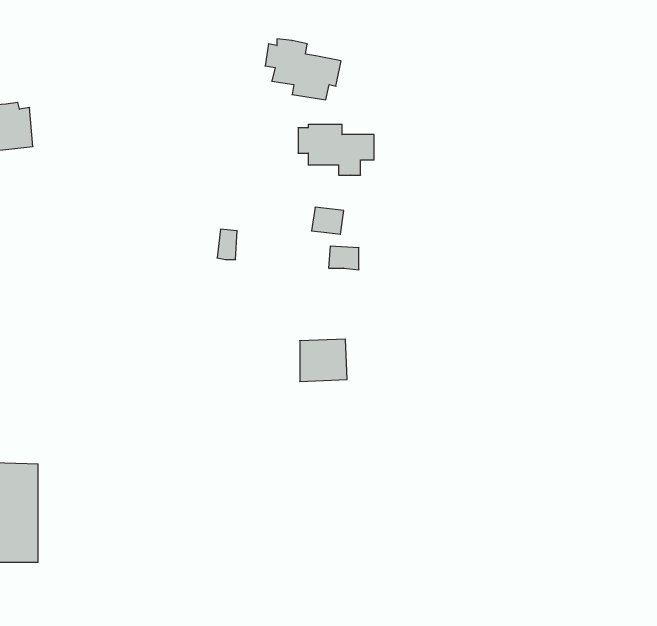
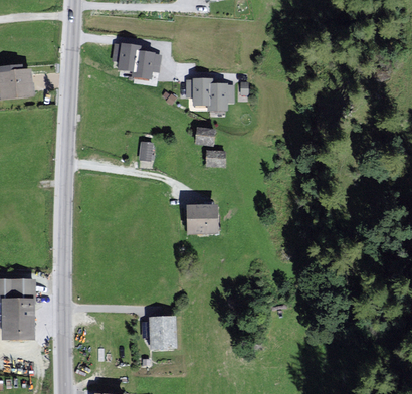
building: [265,39,341,100] -> [115,43,160,79]
building: none -> [152,318,174,347]

